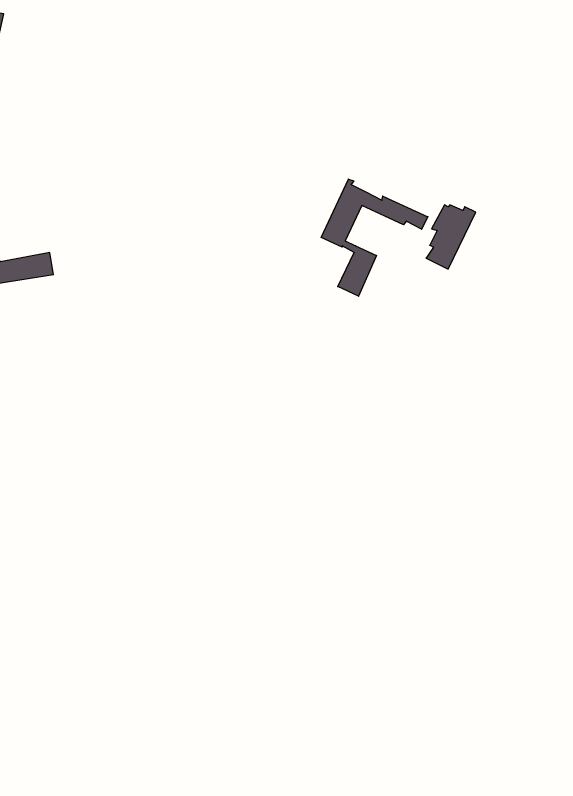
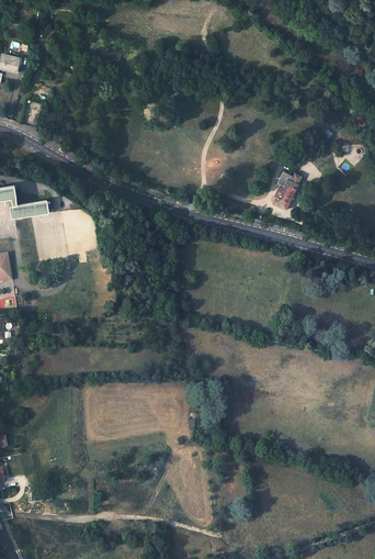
building: [321,179,428,296] -> none

